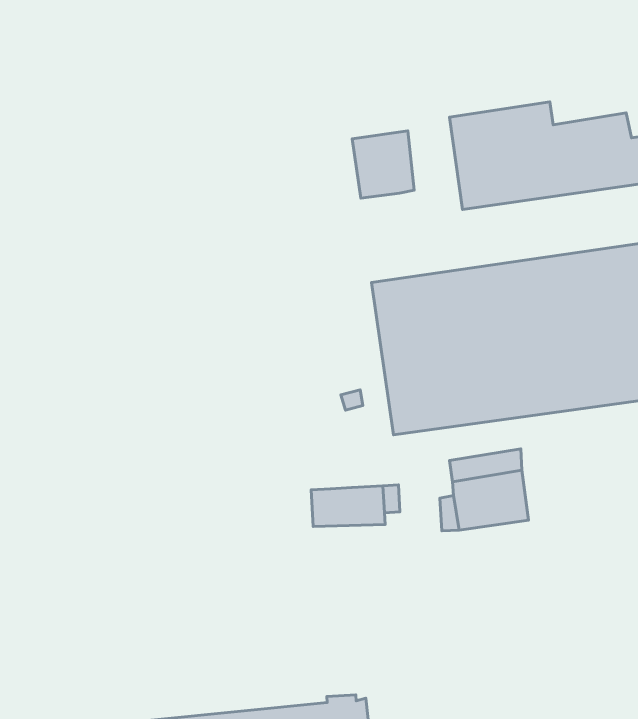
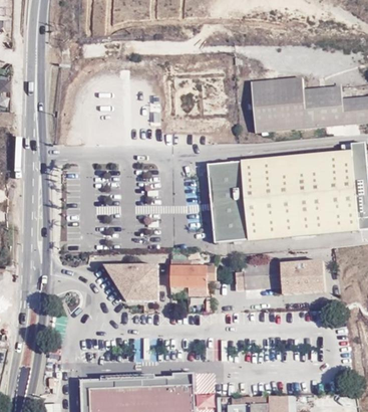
building: [352,131,414,198] -> none
building: none -> [283,263,327,288]
building: none -> [103,265,156,301]

